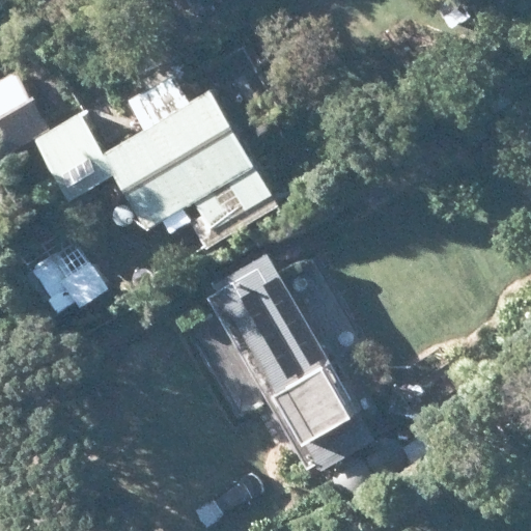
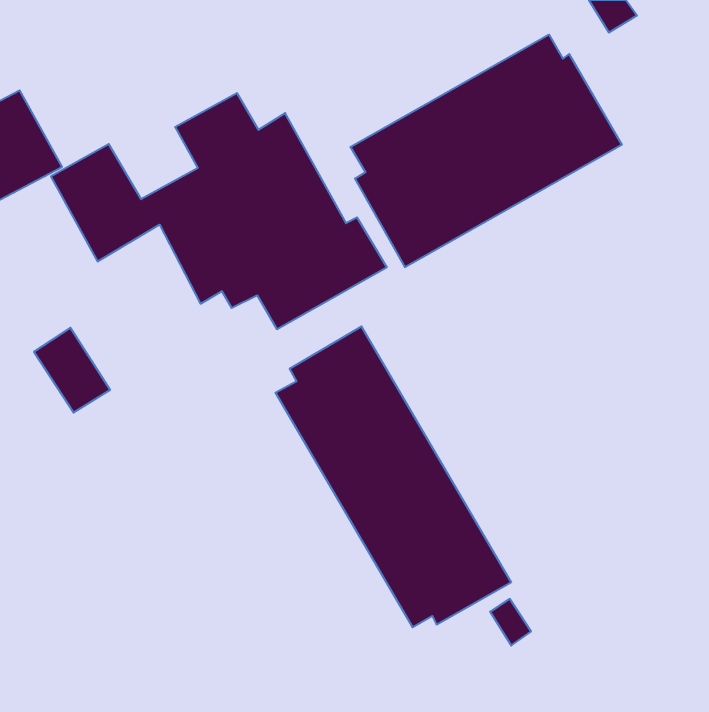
building: none -> [350,35,622,267]

